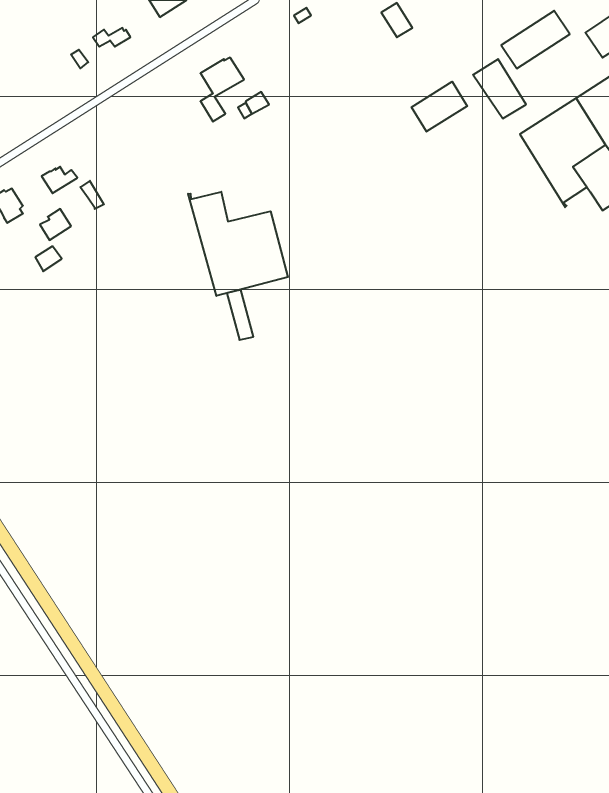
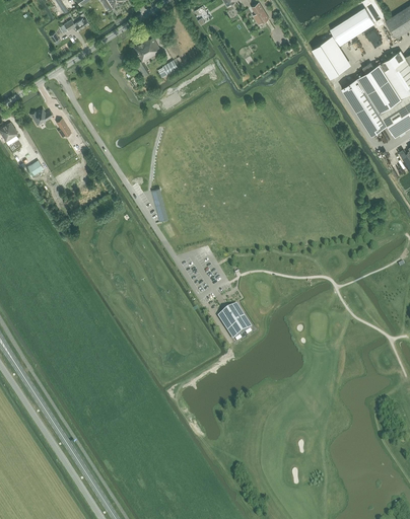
building: [412,82,467,132] -> none
building: [188,192,288,296] -> none
building: none -> [220,305,250,337]

